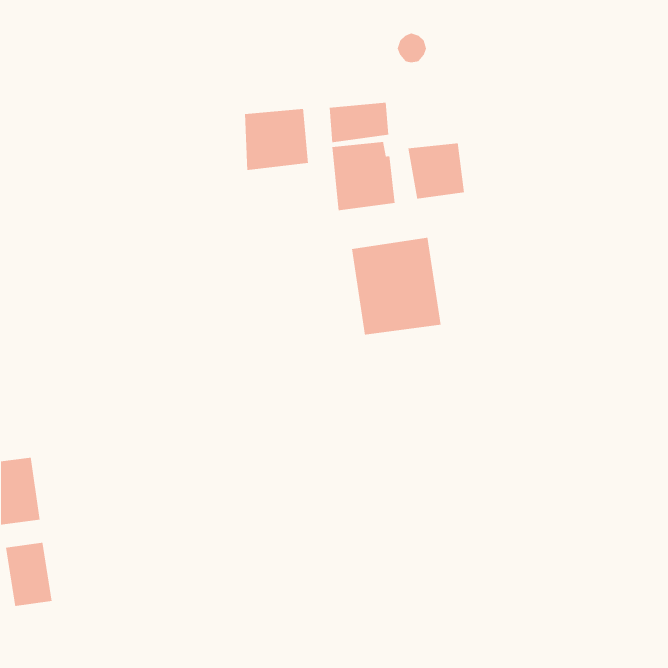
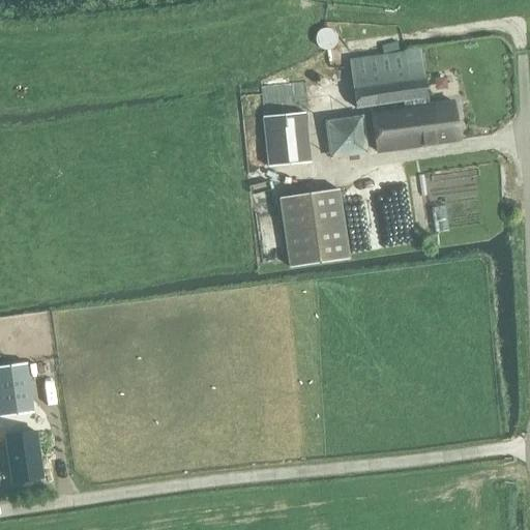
building: none -> [350,52,460,153]
building: [244,108,309,171] -> none

